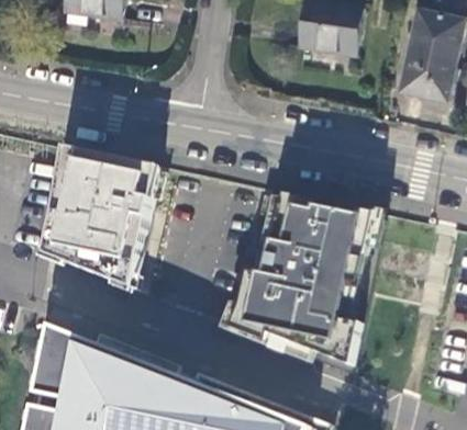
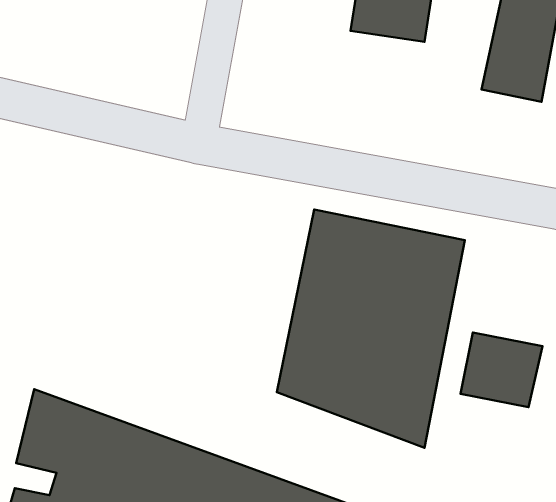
building: [45,149,165,290] -> none
building: none -> [460,332,542,407]

